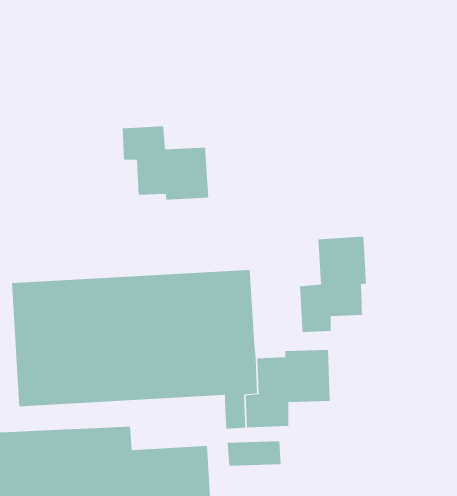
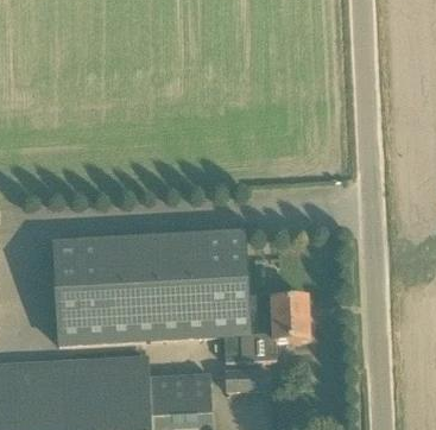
building: [122,126,209,201] -> none
building: [299,236,367,333] -> none

